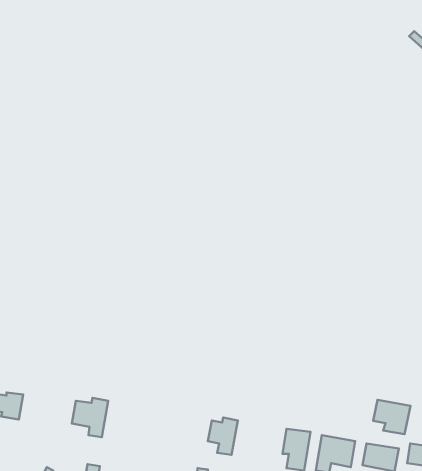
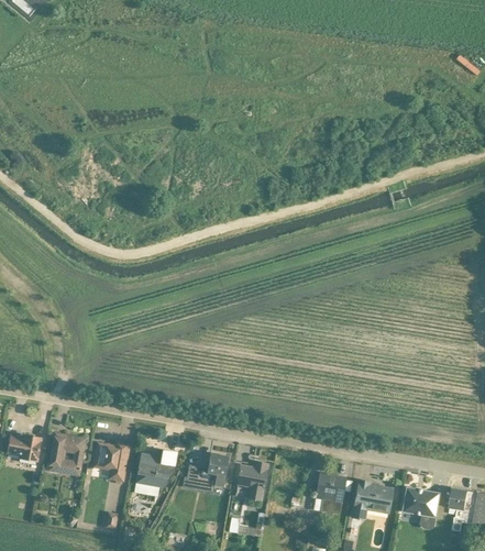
building: none -> [46,431,87,477]
building: [373,400,410,434] -> none
building: none -> [136,448,175,487]
building: none -> [185,453,229,494]

